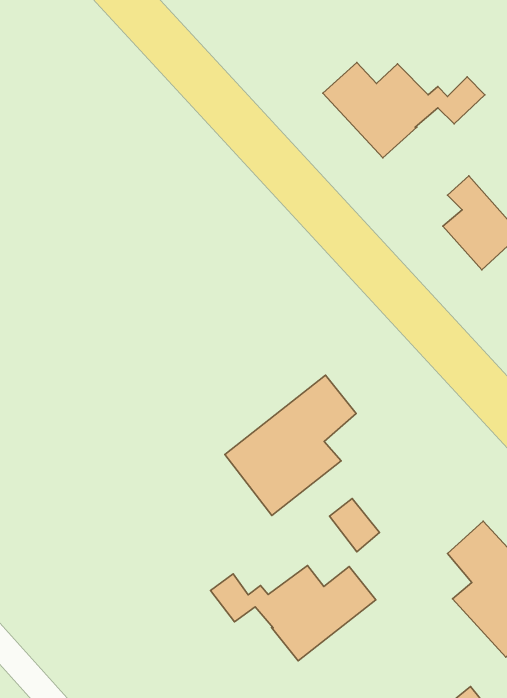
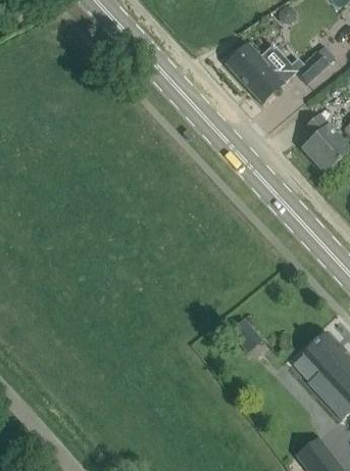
building: [225,375,356,516] -> none
building: [210,565,376,661] -> none

